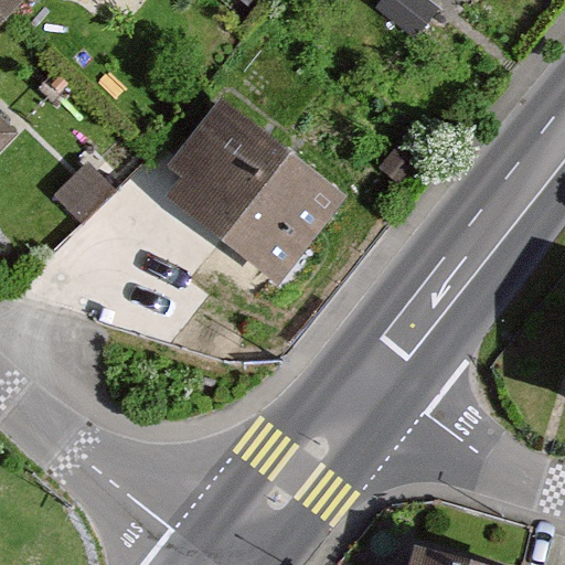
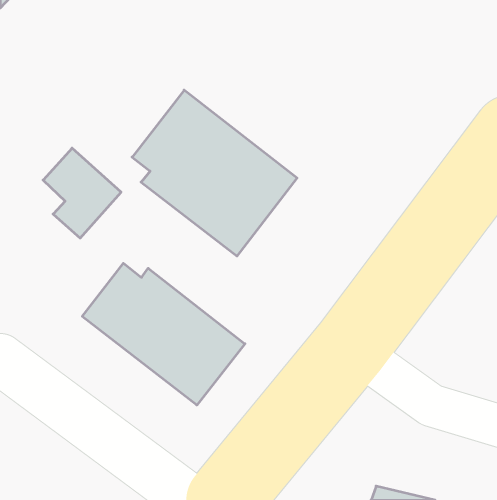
building: none -> [82,263,245,405]

